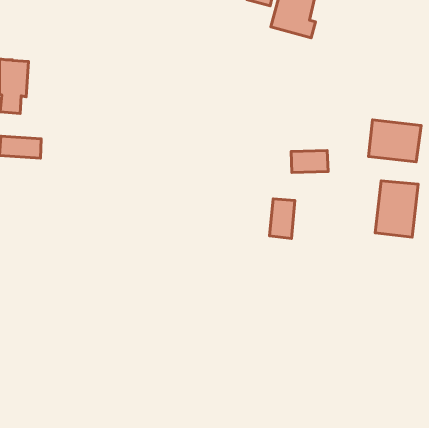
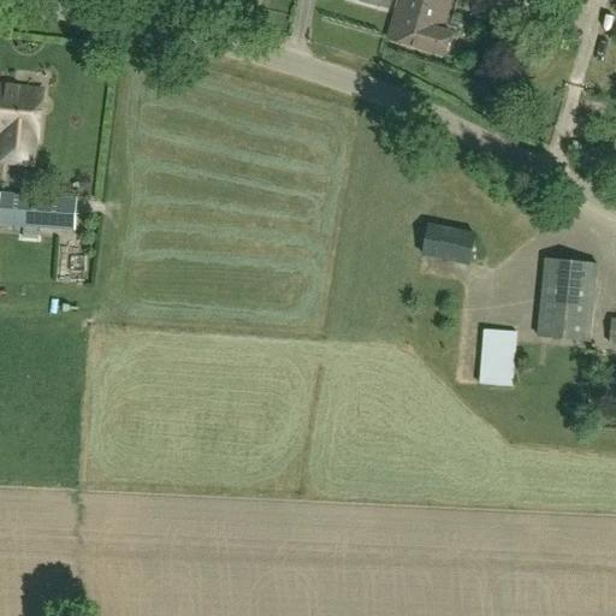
building: [368,120,421,162] -> none
building: [270,199,295,238] -> [480,328,516,385]

